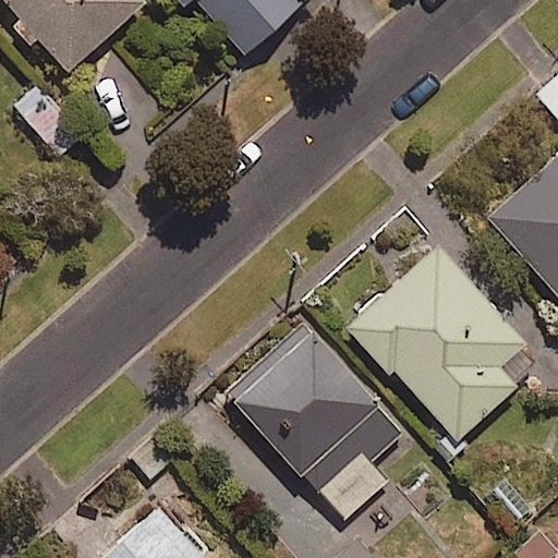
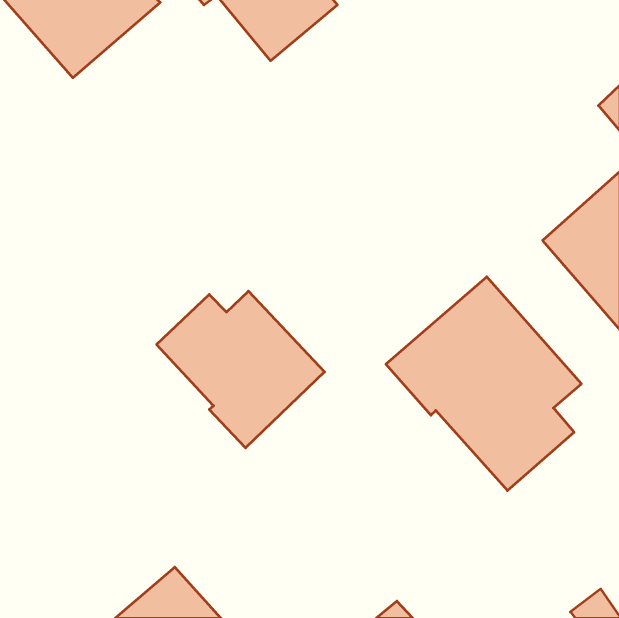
building: none -> [157,291,325,448]
building: [230,329,401,520] -> none

